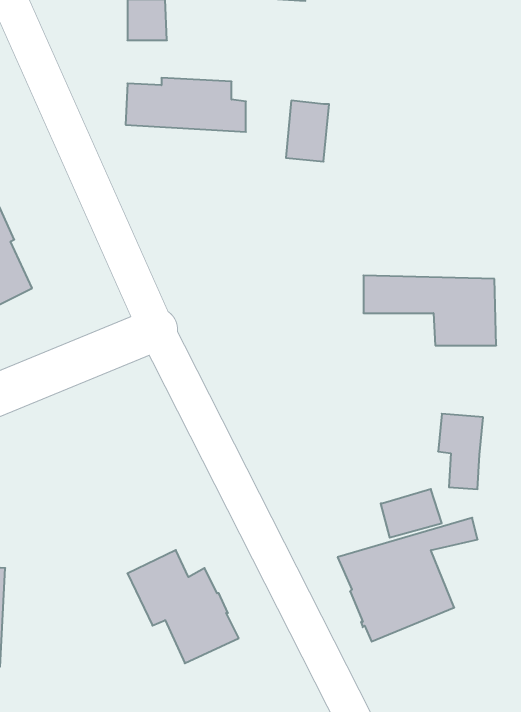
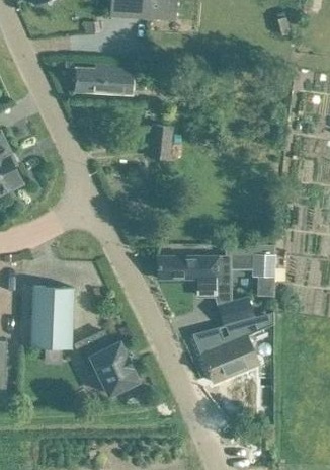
building: [286,101,329,162] -> [149,125,173,159]
building: [363,275,496,345] -> [158,256,233,296]
building: none -> [31,285,74,347]

